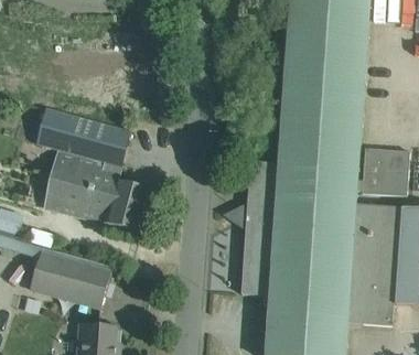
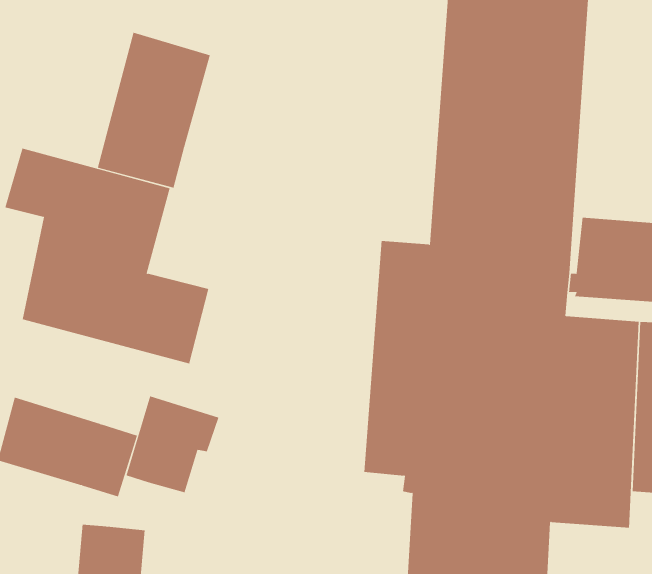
building: none -> [97,32,211,188]
building: none -> [126,395,219,493]

